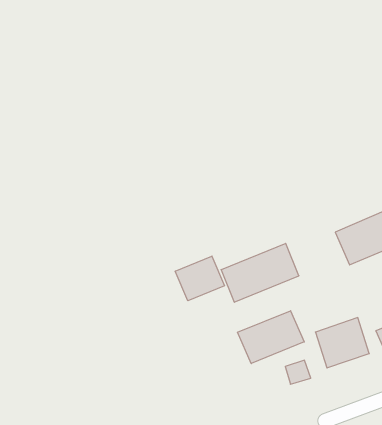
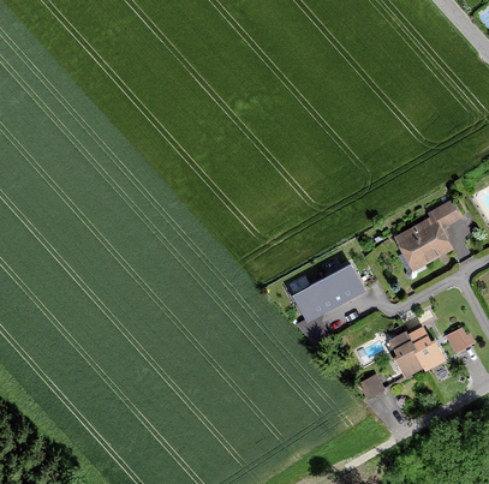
building: [175,256,224,301] -> none
building: [238,311,304,364] -> none

